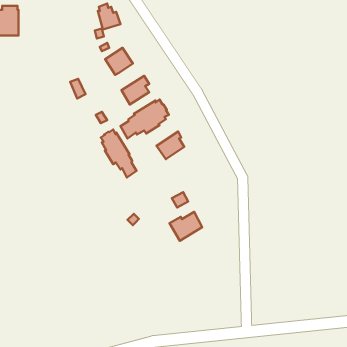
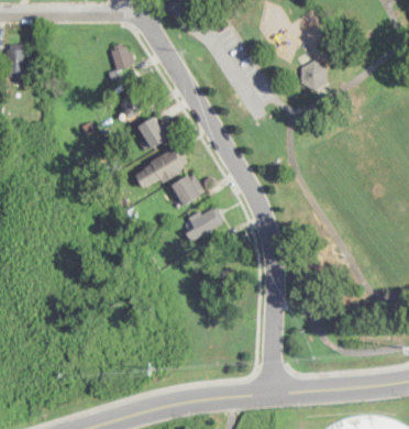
building: none -> [300,60,327,91]
building: [101,130,137,177] -> none
building: [169,212,202,241] -> [188,207,223,238]

